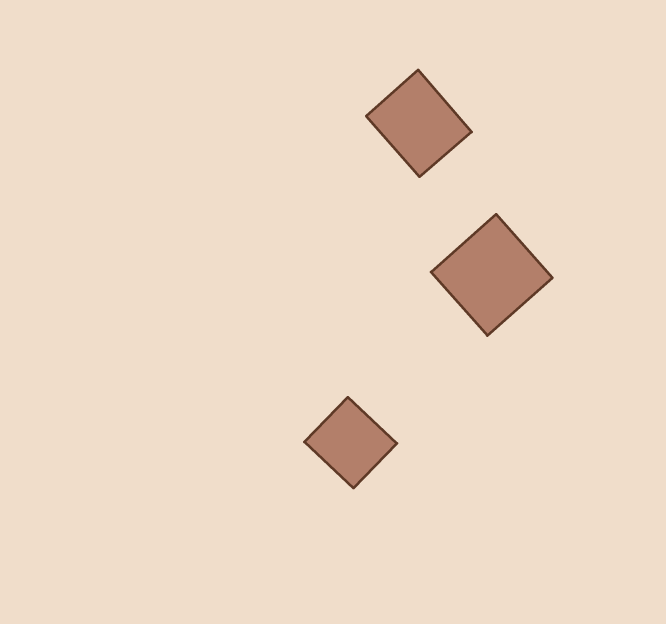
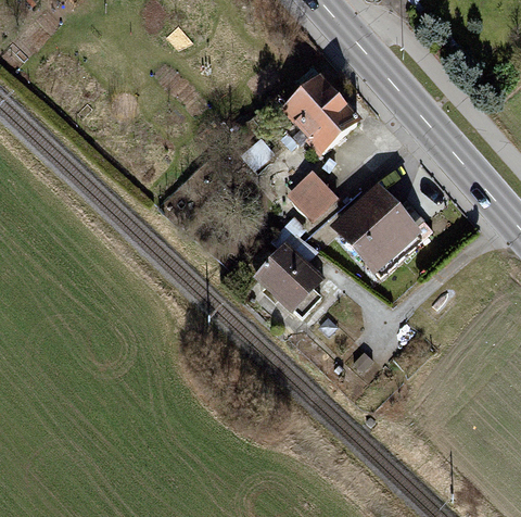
building: none -> [285,166,339,218]
building: [304,397,397,488] -> [254,243,323,312]

